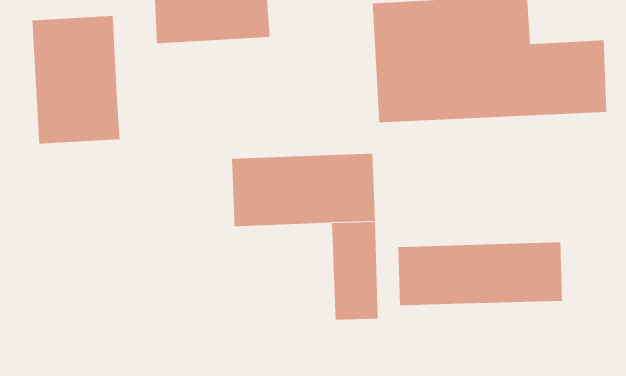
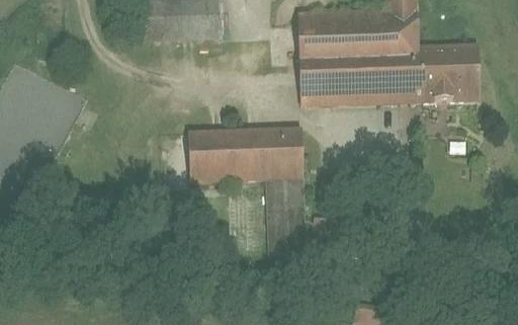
building: [32,15,120,144] -> none
building: [398,242,562,306] -> none

